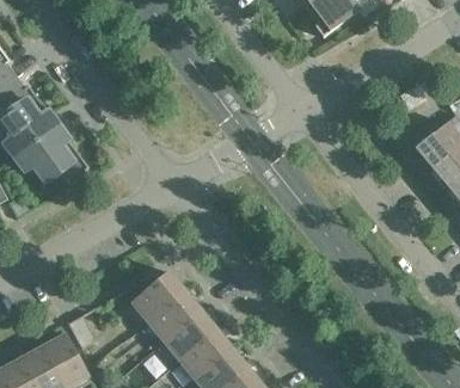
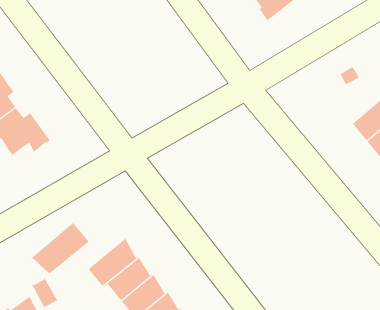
building: none -> [31,217,90,277]

